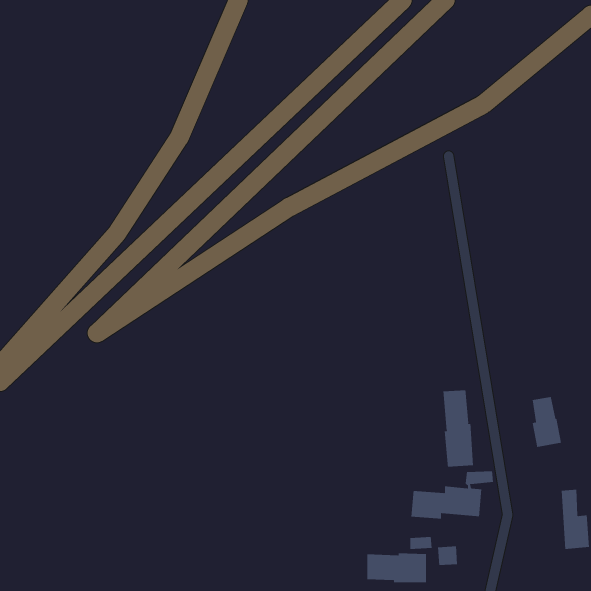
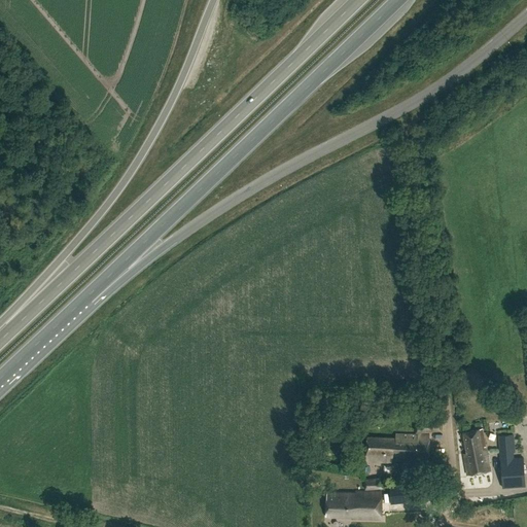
building: [443,390,473,467] -> none
building: [532,397,562,447] -> [463,430,490,476]

